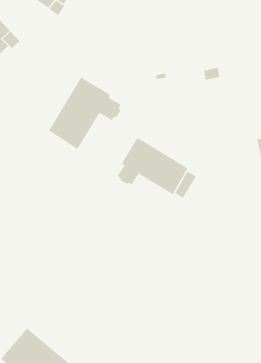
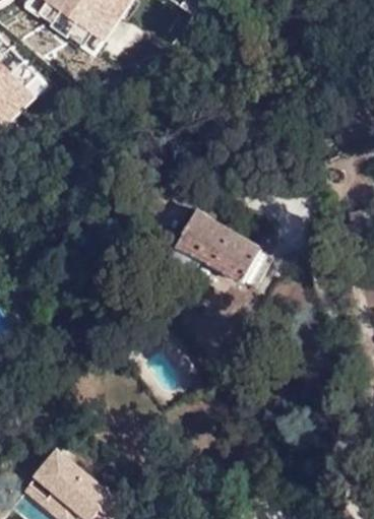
building: [48,76,121,150] -> none

